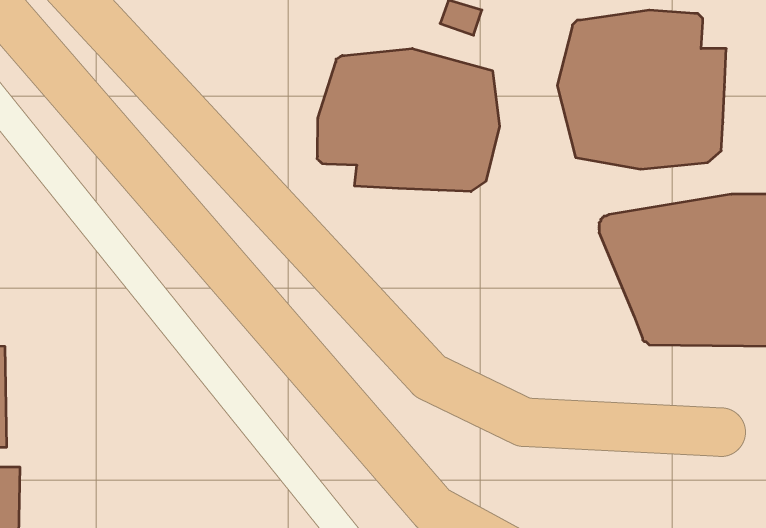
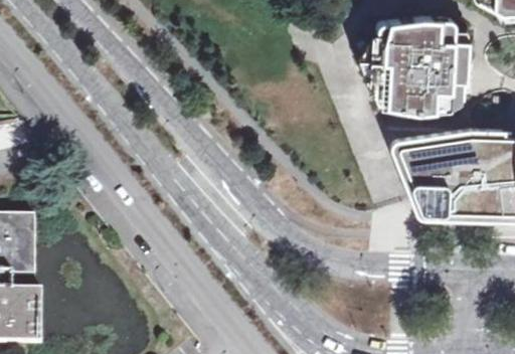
building: [317,48,500,192] -> none

